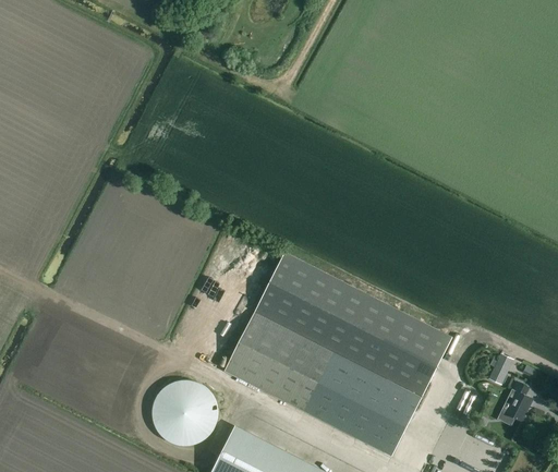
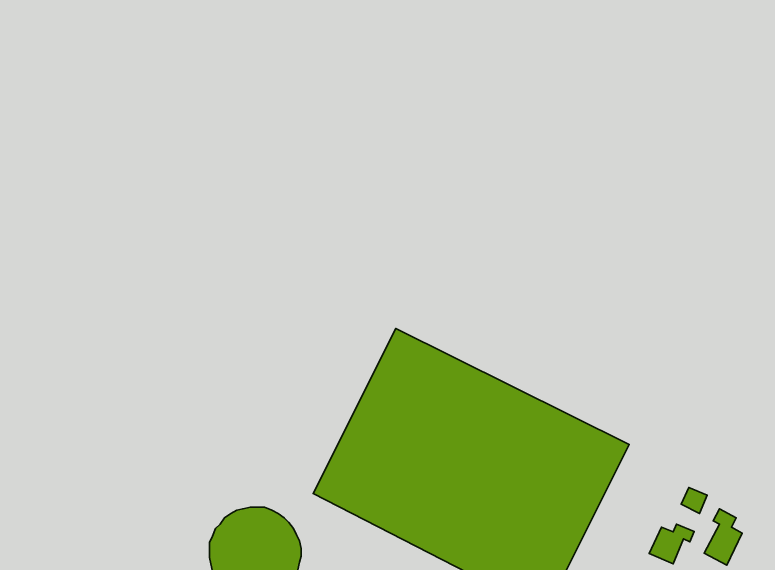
building: none -> [649,524,694,564]

